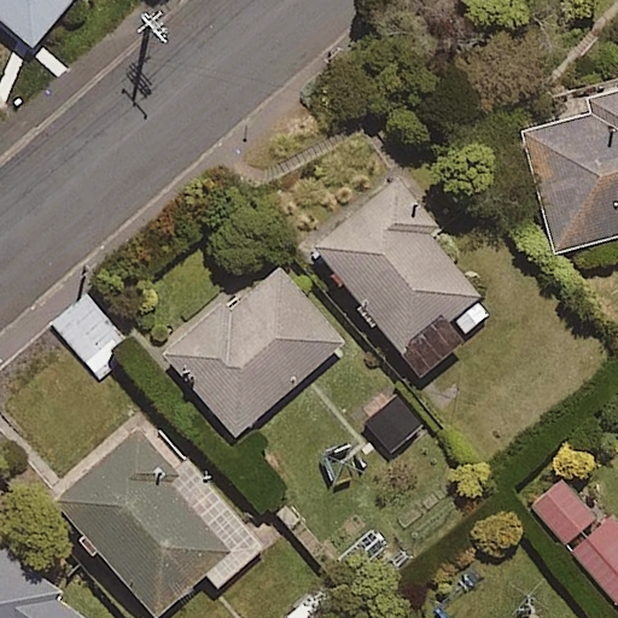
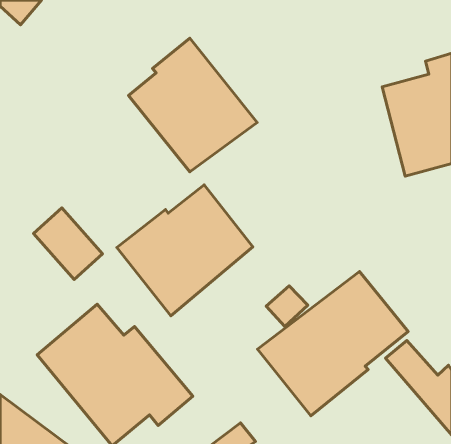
building: none -> [128,38,257,172]
building: [311,183,496,379] -> none
building: none -> [257,271,408,416]

